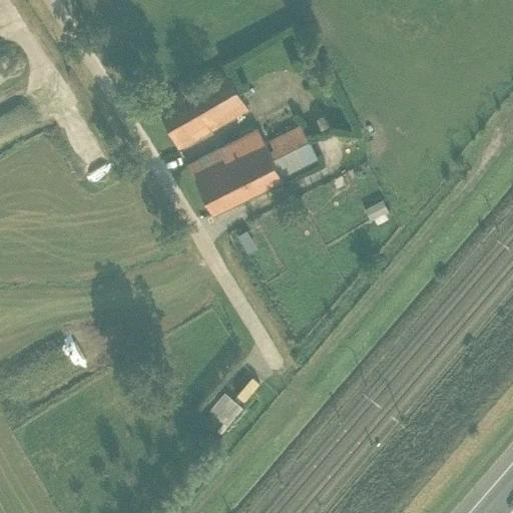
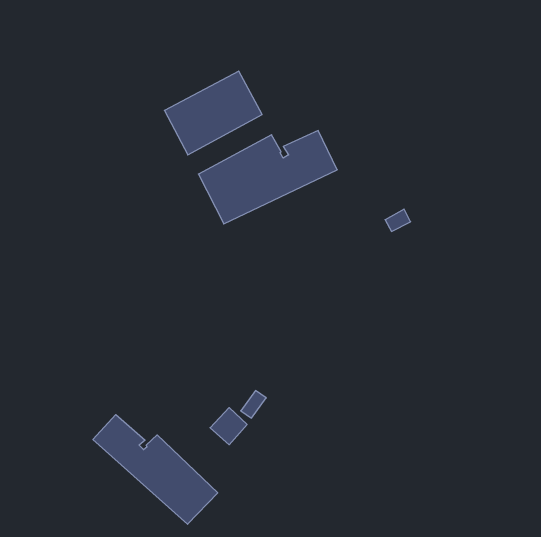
building: none -> [93,415,218,524]

